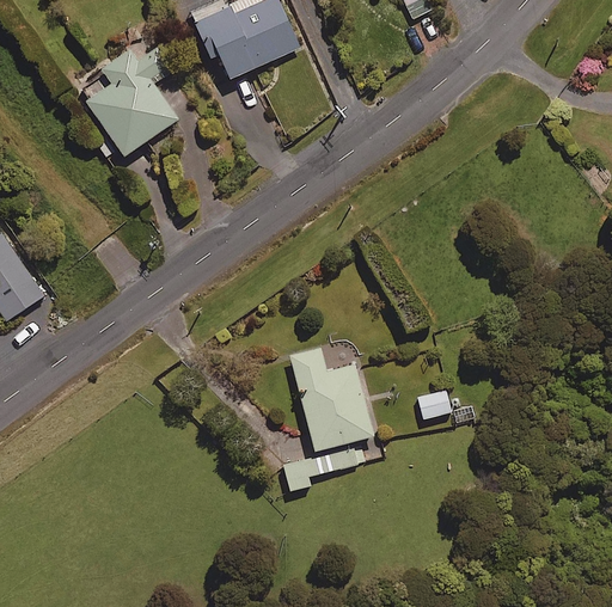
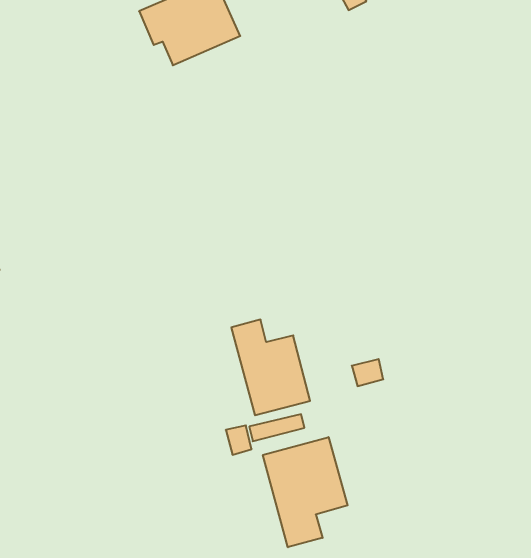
building: [84,37,176,157] -> none
building: none -> [263,437,348,547]

